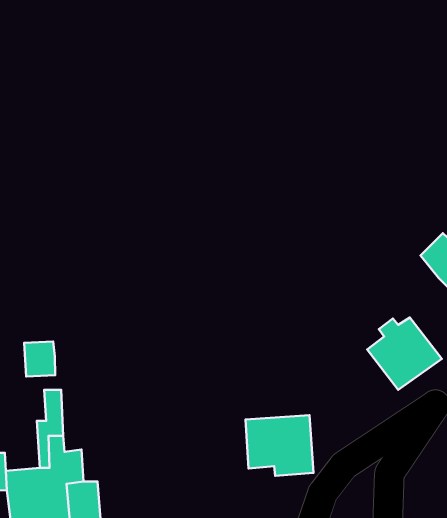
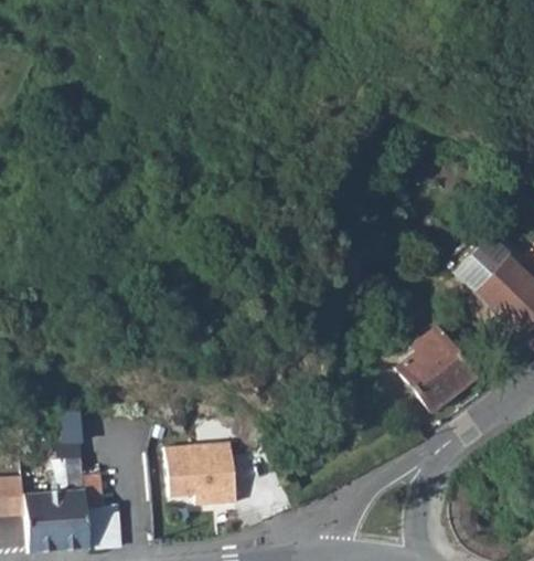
building: [24,342,55,377] -> none
building: [245,415,314,476] -> [165,441,236,504]

